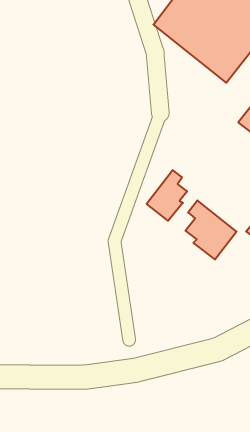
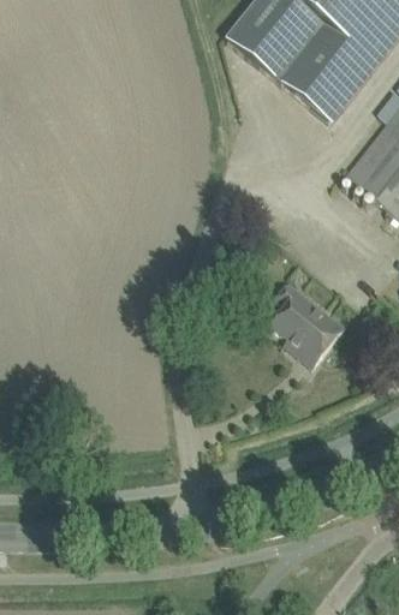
building: [147,170,187,221] -> none

